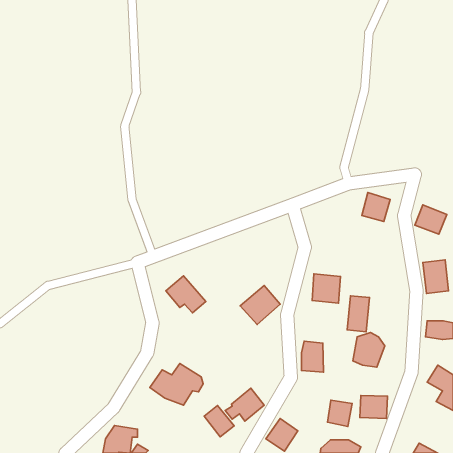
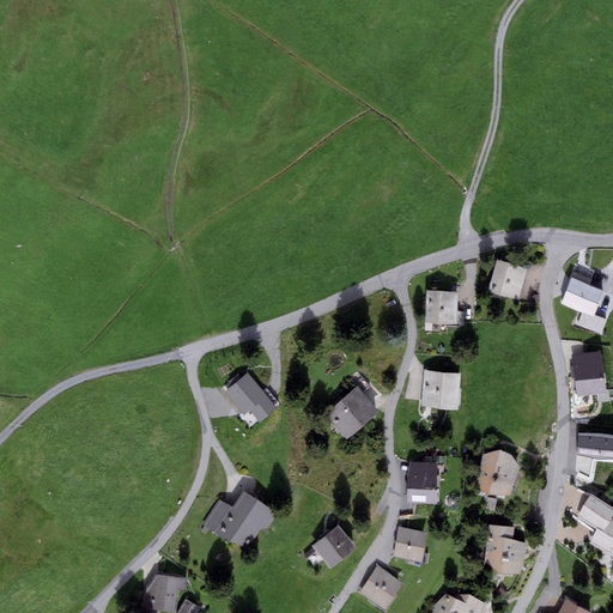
building: none -> [425,291,459,324]
building: [347,296,370,332] -> none
building: [327,400,352,427] -> [394,527,427,563]
building: [204,405,234,437] -> none

